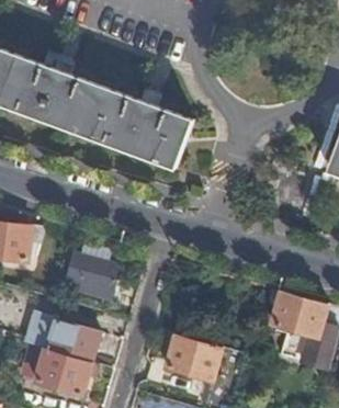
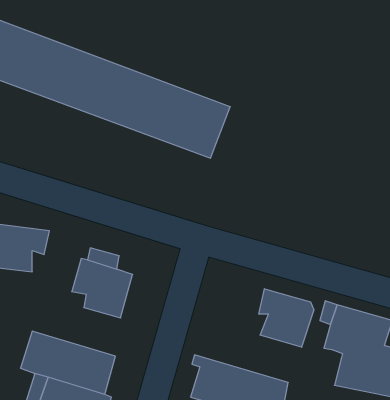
building: none -> [259,289,314,347]

